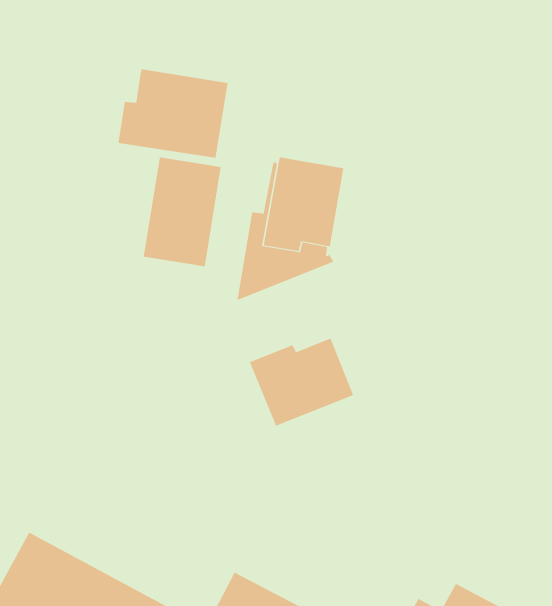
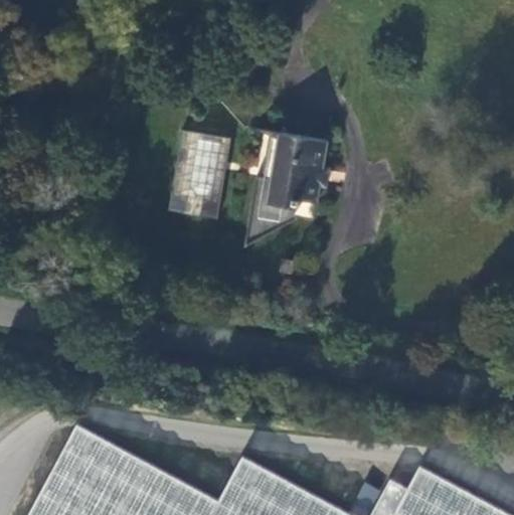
building: [118,68,228,159] -> none
building: [249,338,354,426] -> none

